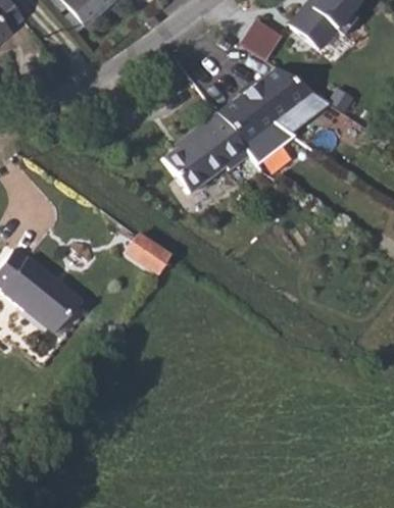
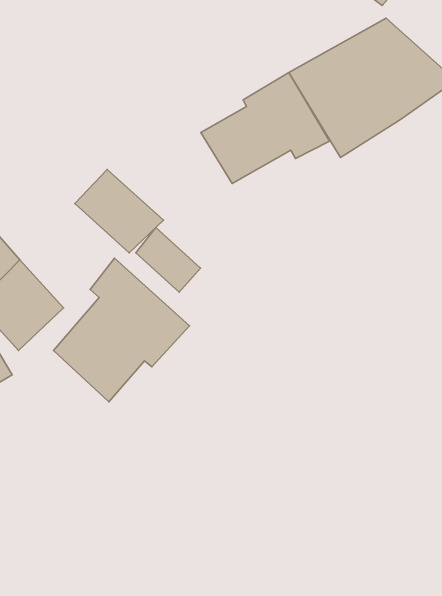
building: none -> [75,169,164,253]
building: none -> [53,258,189,402]

